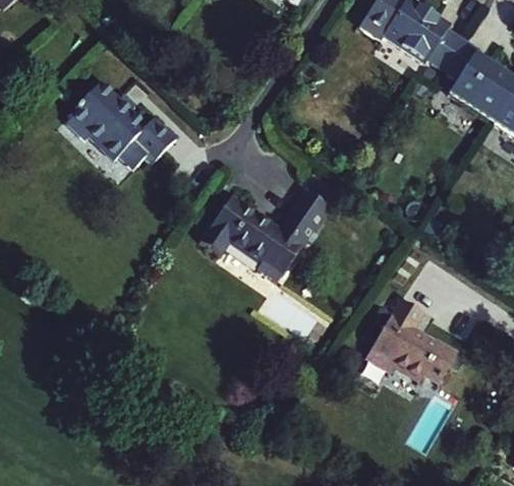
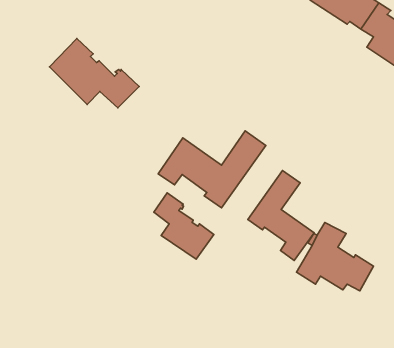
building: none -> [248,170,314,261]
building: none -> [154,193,214,259]

